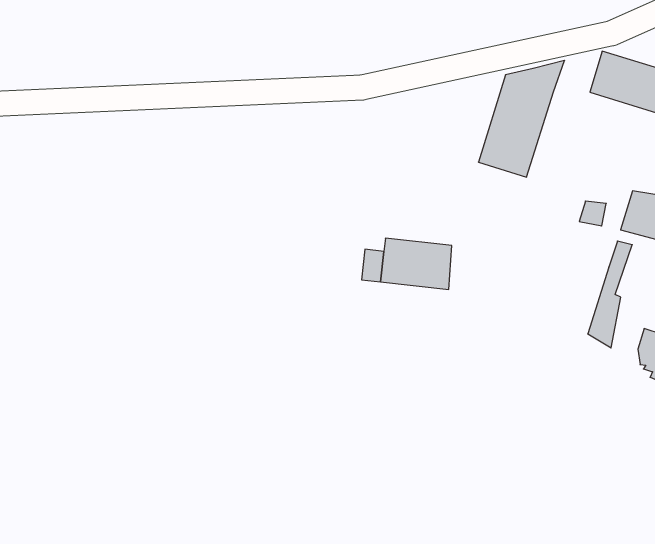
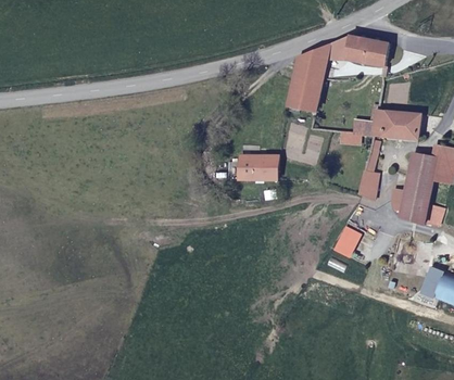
building: none -> [326,35,351,61]
building: none -> [335,228,361,257]

